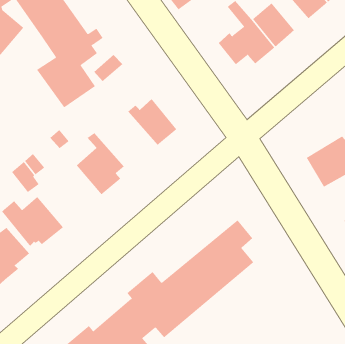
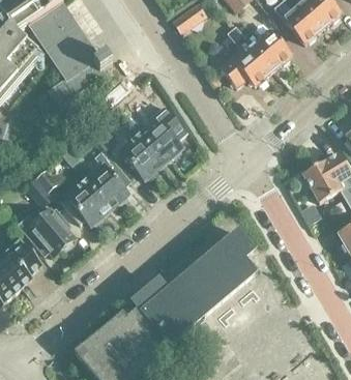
building: none -> [120,130,163,179]
building: none -> [62,181,110,226]

